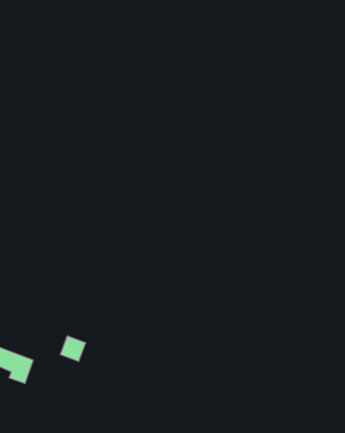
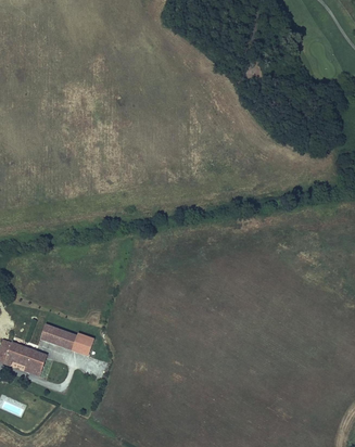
building: none -> [40,323,77,349]

